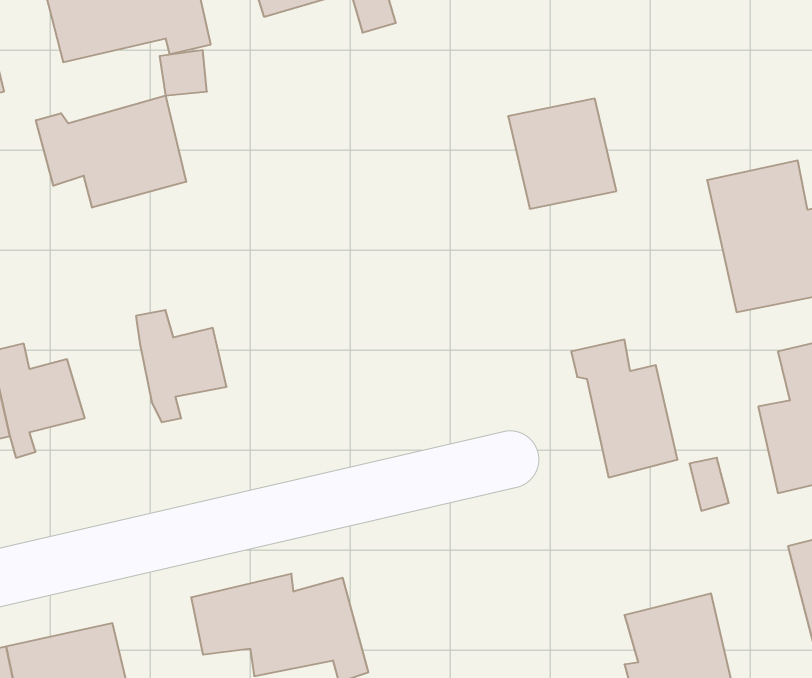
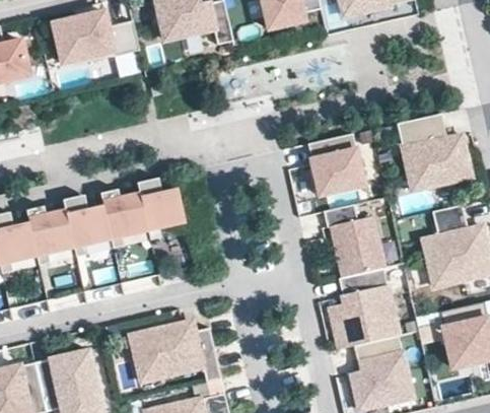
building: [36,96,186,208] -> none
building: [508,99,616,209] -> [307,135,363,192]
building: none -> [137,182,183,240]
building: none -> [64,200,109,258]
building: none -> [333,267,397,351]

